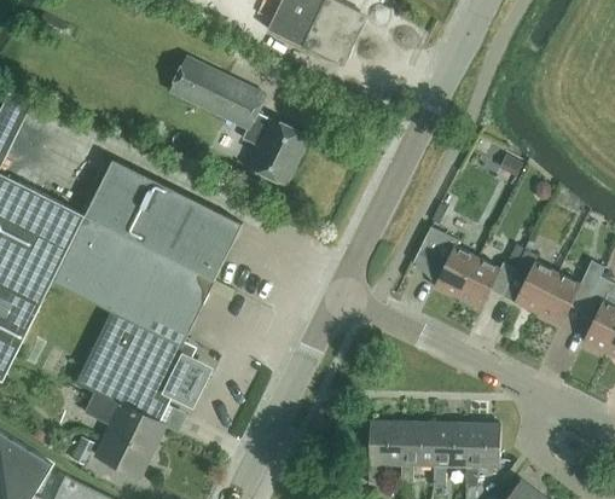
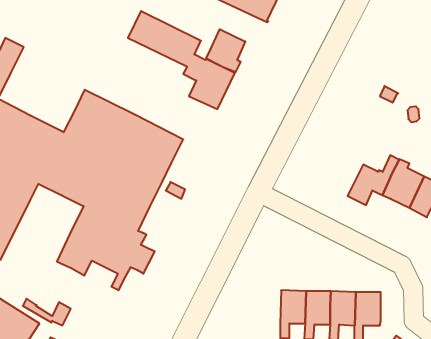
building: none -> [206,29,245,73]
building: [412,227,476,297] -> none
building: [83,382,164,477] -> none

